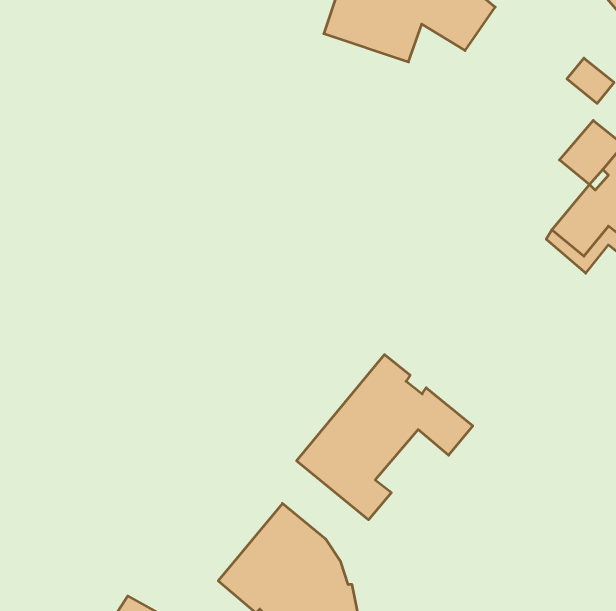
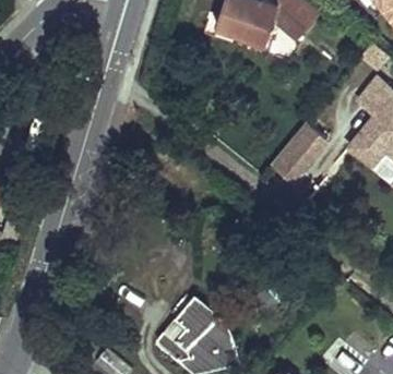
building: none -> [273,120,329,181]
building: [297,355,473,520] -> none

